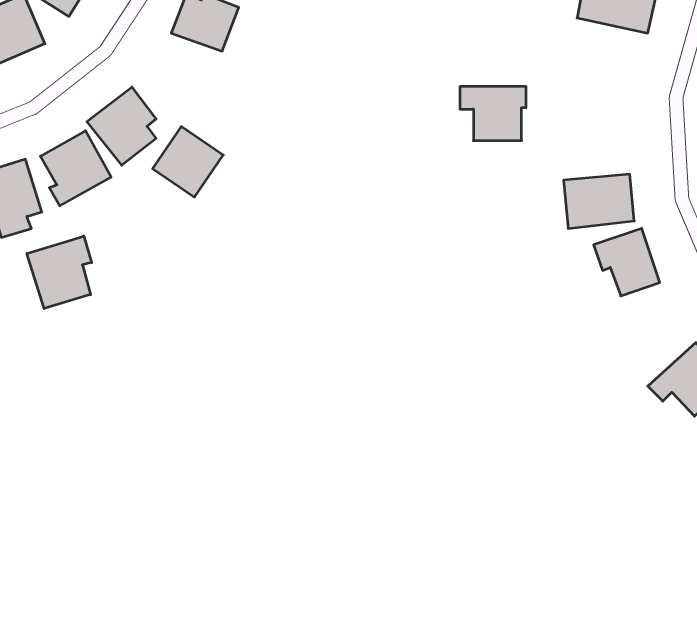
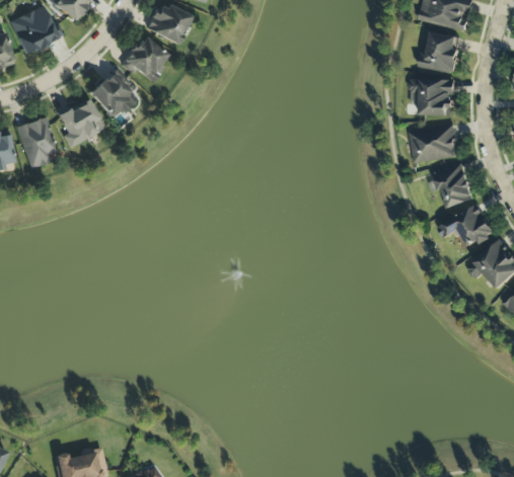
building: none -> [419,32,461,75]
building: [460,87,526,141] -> [411,80,455,116]
building: [153,127,223,197] -> [123,35,170,83]
building: [27,236,92,309] -> none
building: none -> [437,205,495,248]

